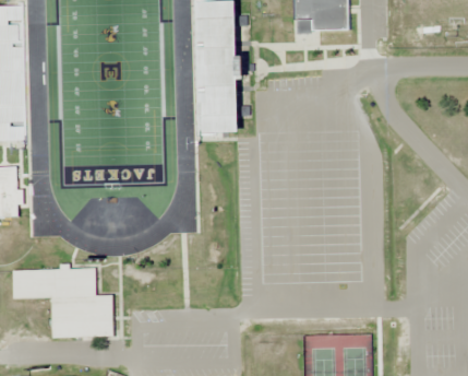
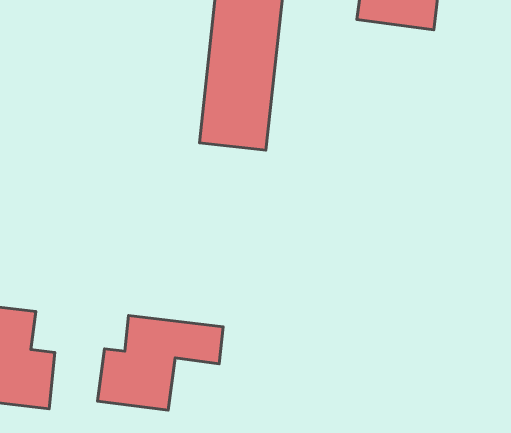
building: none -> [98,316,223,410]

